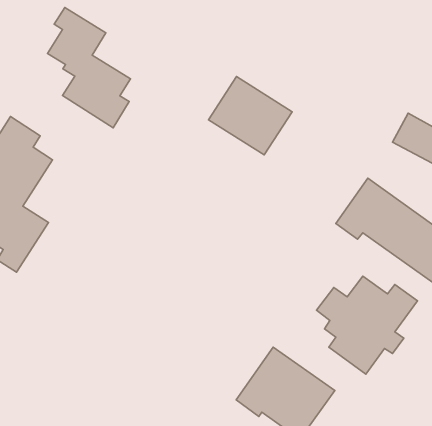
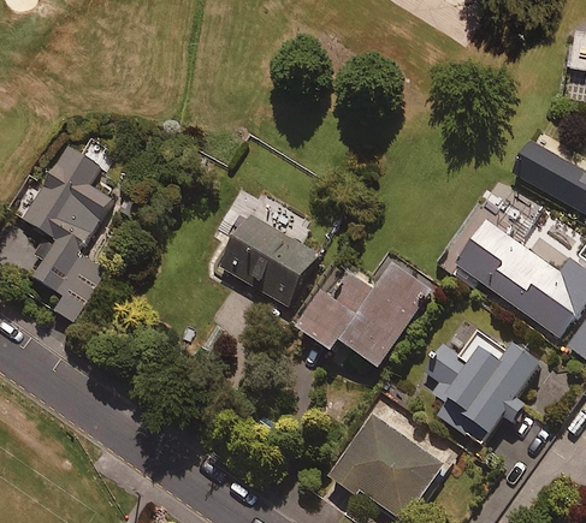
building: [47,7,130,128] -> none
building: [209,77,292,155] -> [218,212,315,303]
building: none -> [297,256,432,364]

